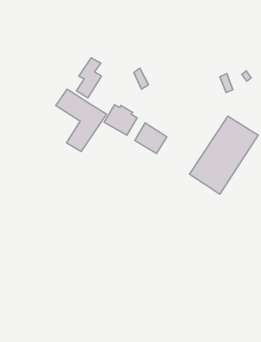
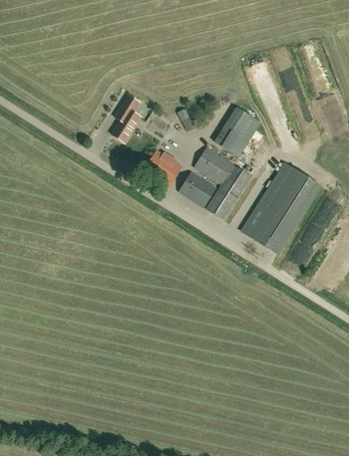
building: none -> [215,105,261,155]
building: [56,89,106,152] -> [194,146,252,218]

